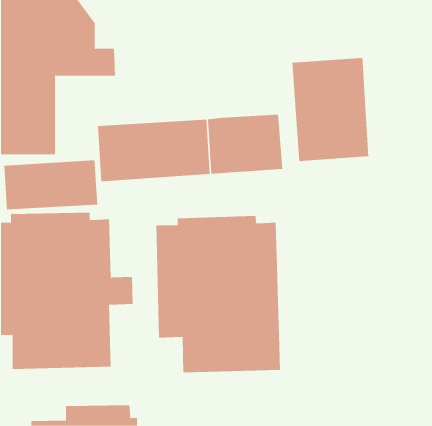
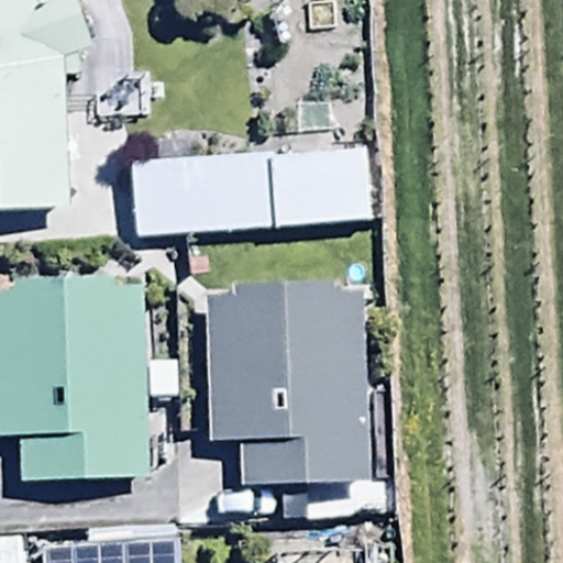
building: [292,57,369,162] -> none
building: [4,159,98,210] -> none

